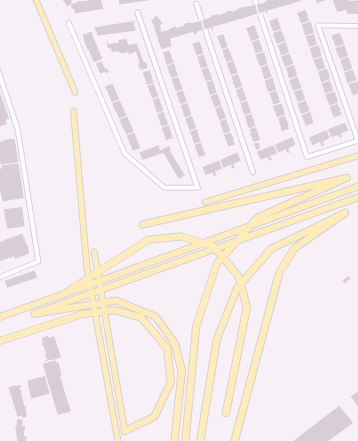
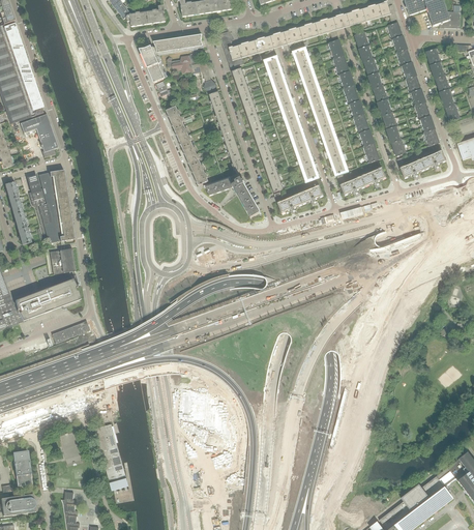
building: [41,335,62,362] -> none
building: [27,375,50,400] -> none
building: [8,384,28,419] -> none

